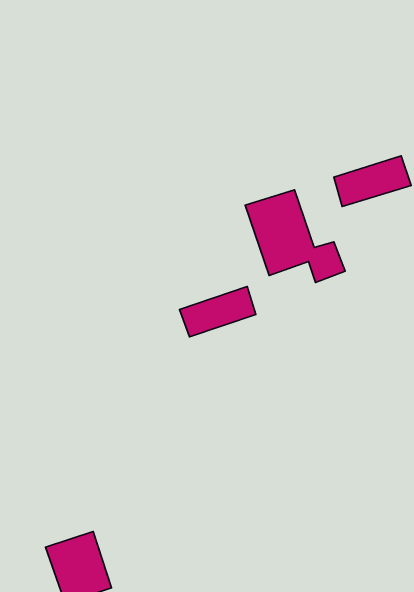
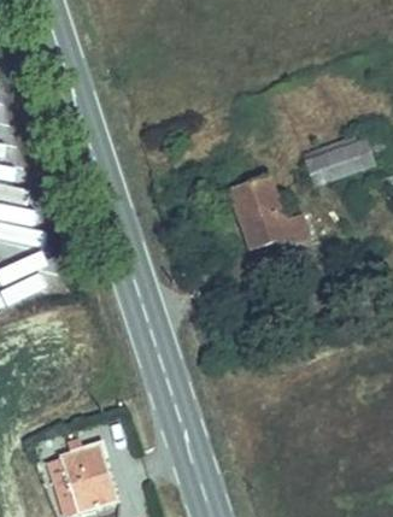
building: [179,286,256,337] -> none

